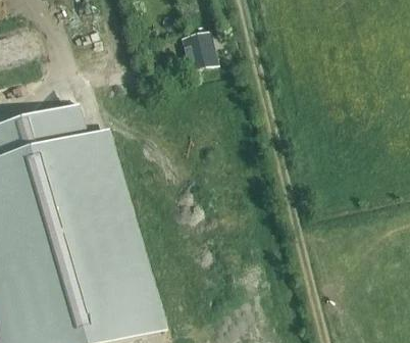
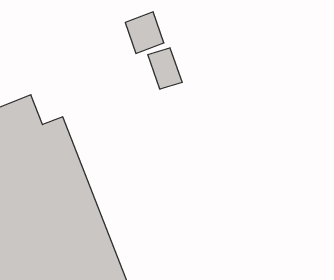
building: none -> [148,48,182,89]

